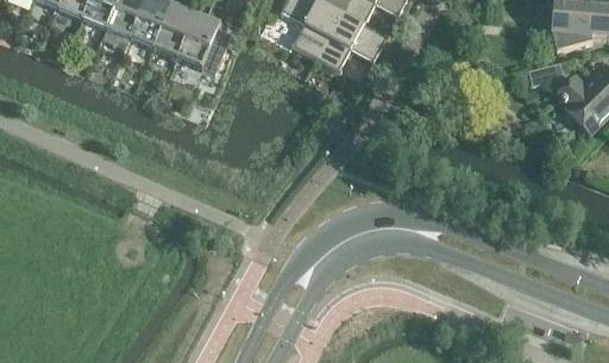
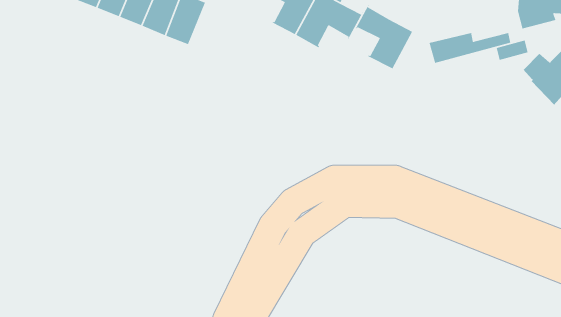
building: none -> [355,5,413,70]
building: none -> [429,32,511,64]

